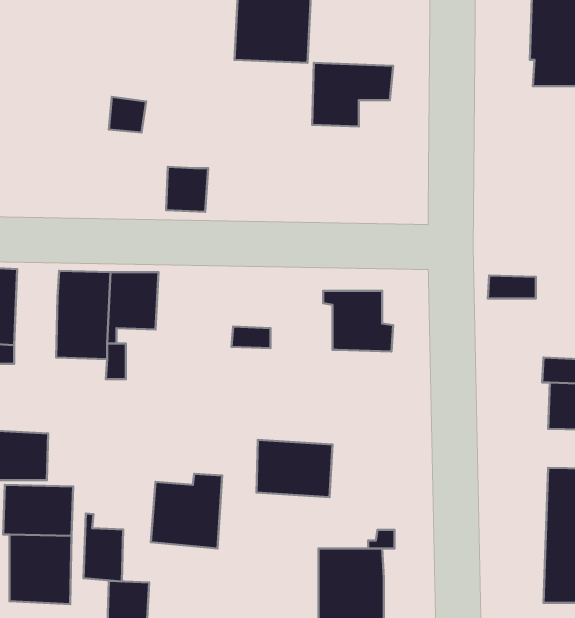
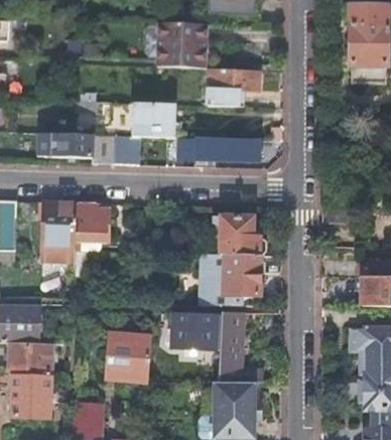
building: none -> [132,105,176,137]
building: none -> [52,134,115,162]
building: none -> [196,138,260,166]
building: none -> [202,254,260,304]
building: none -> [219,311,242,383]
building: [83,514,123,581] -> none

